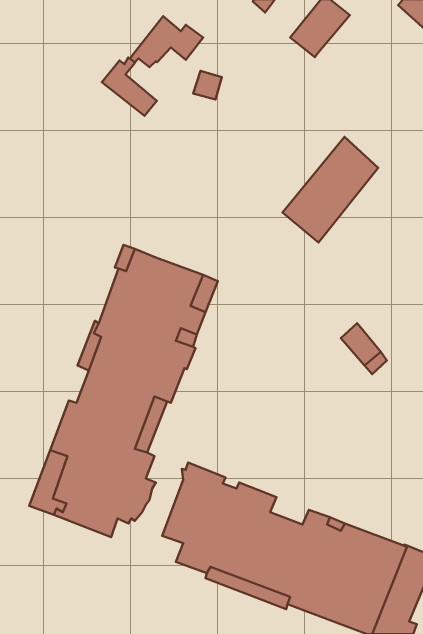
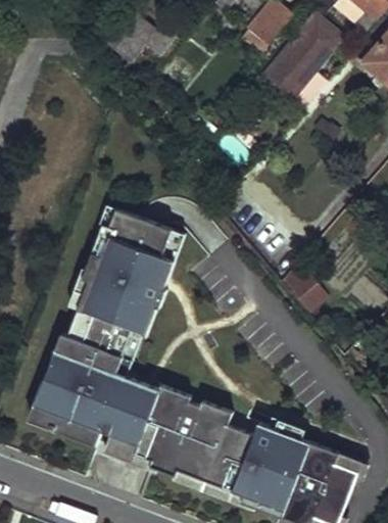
building: [102,58,157,116] -> none
building: [282,137,378,242] -> [264,10,343,97]
building: none -> [98,376,159,469]

